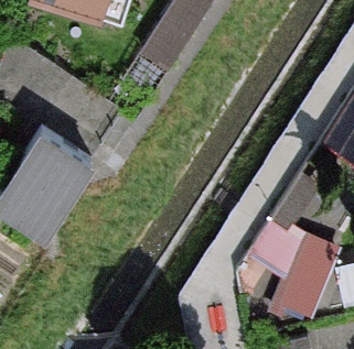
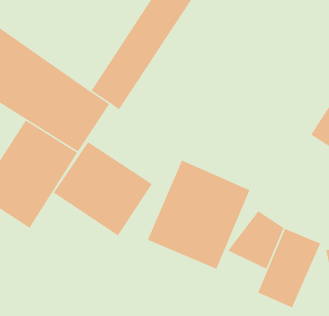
building: none -> [53,141,153,237]
building: none -> [147,159,251,270]

